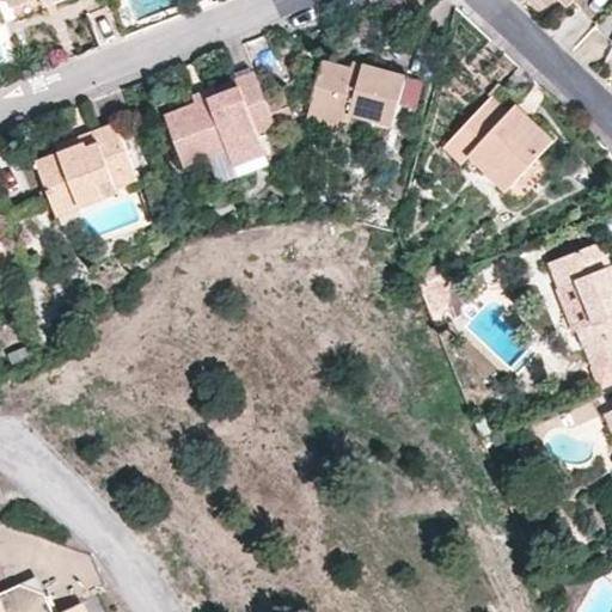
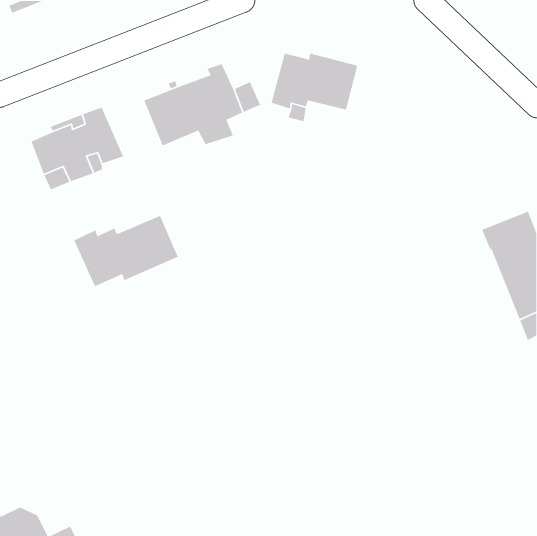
building: [443,97,555,192] -> none
building: none -> [73,215,179,287]

